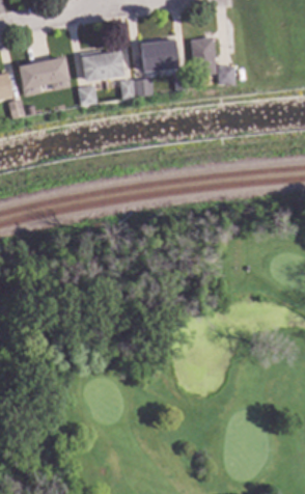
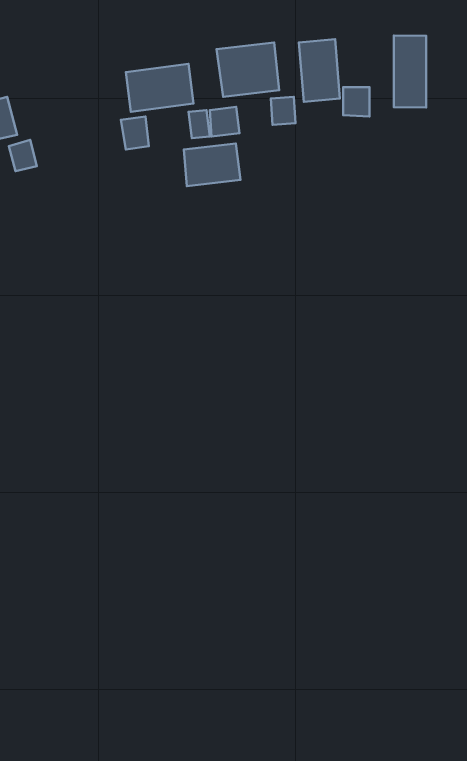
building: none -> [394,36,426,107]
building: [18,56,70,97] -> none
building: none -> [184,144,241,186]

